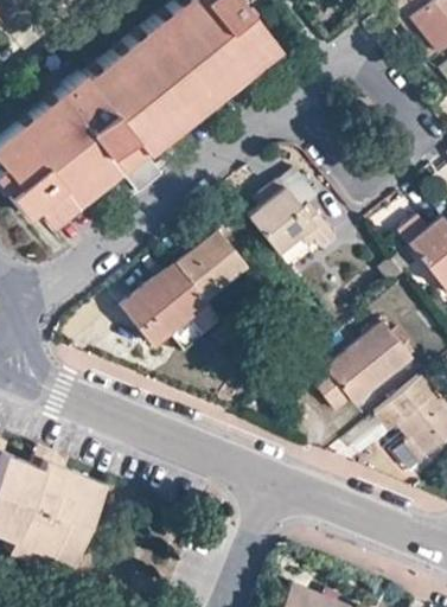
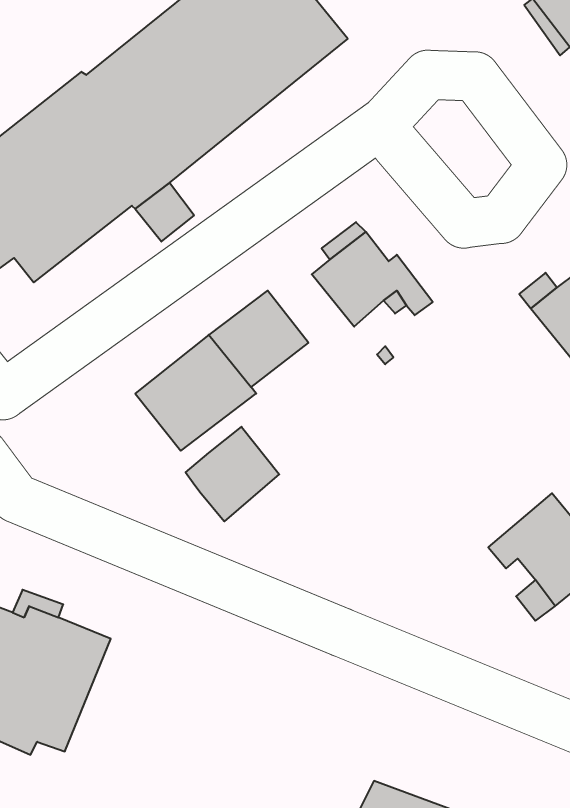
building: [314,324,416,413] -> none
building: none -> [186,427,279,521]

